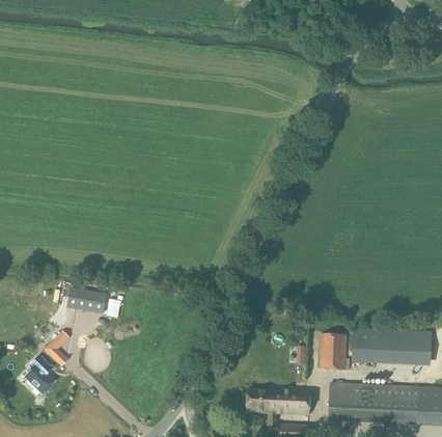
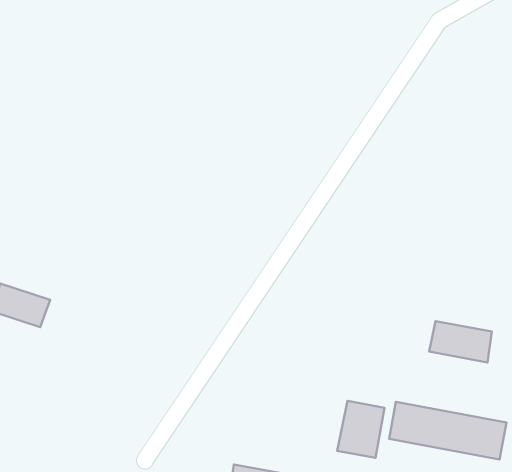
building: none -> [429,321,492,362]

